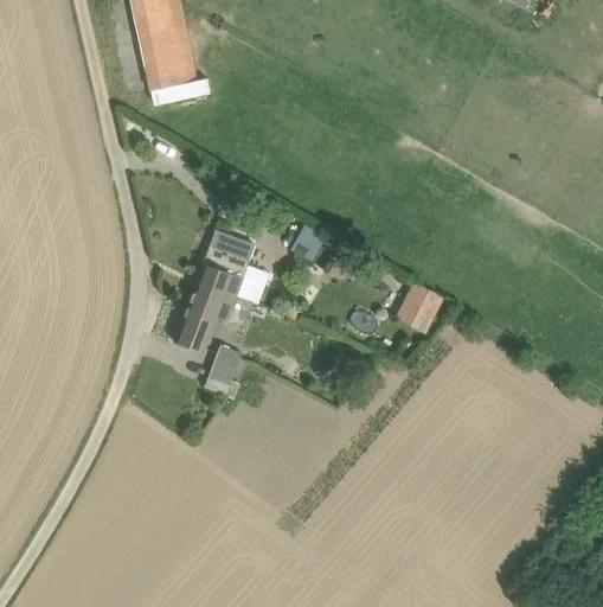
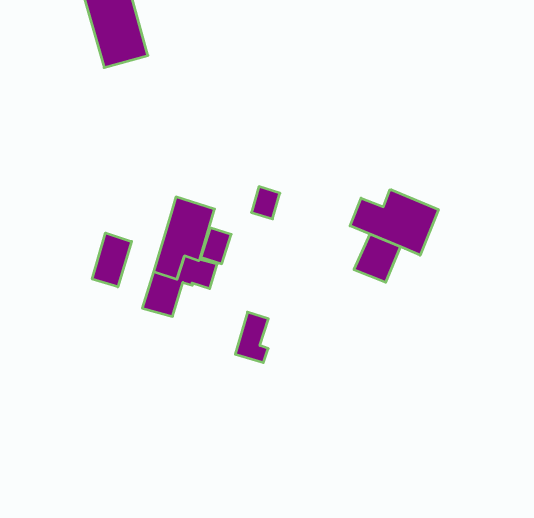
building: none -> [350,190,438,255]
building: none -> [92,233,132,287]
building: [205,344,242,397] -> [235,312,268,363]

